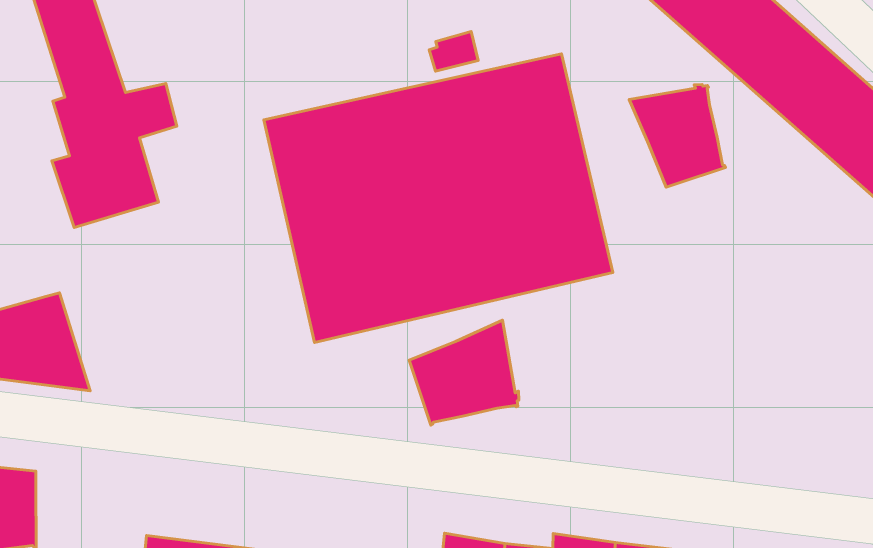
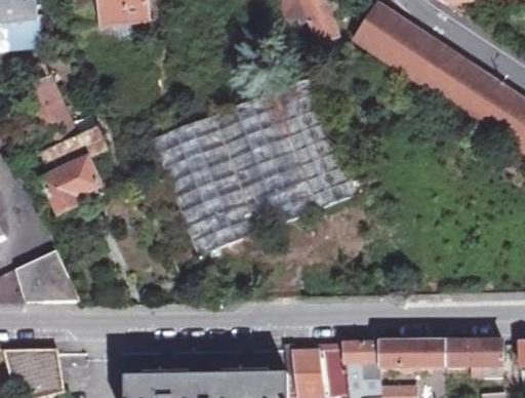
building: [629,85,725,187] -> none
building: [409,320,519,425] -> none

